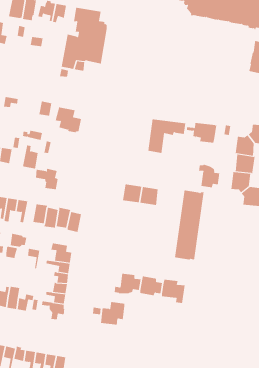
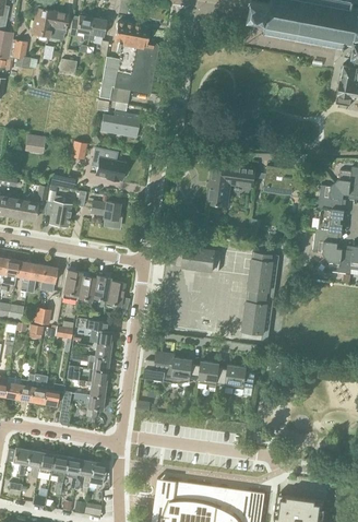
building: none -> [99,112,140,137]
building: [199,164,220,188] -> none
building: [35,168,58,190] -> [92,201,121,228]
building: [100,302,125,325] -> [143,353,175,382]

